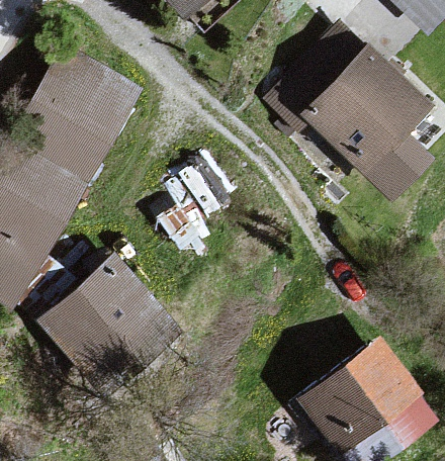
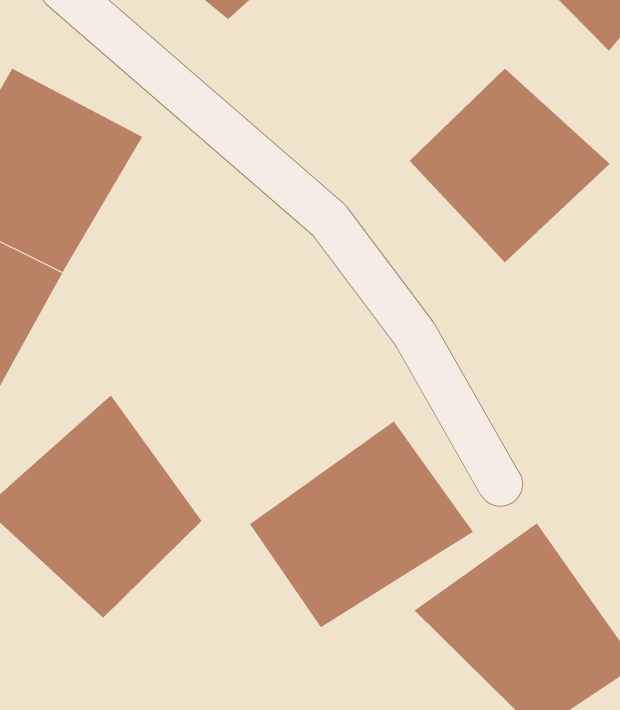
building: none -> [249,420,474,628]

